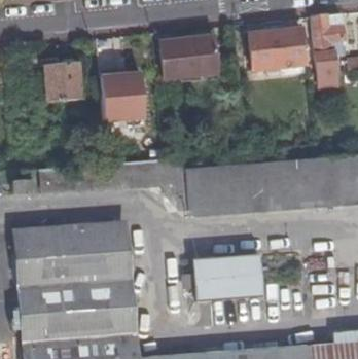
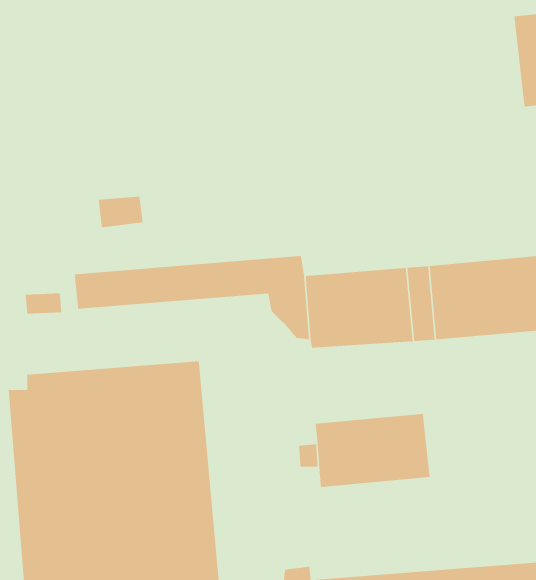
building: [250,28,308,70] -> none
building: [160,36,219,78] -> none
building: [47,55,85,100] -> none
building: [102,68,147,120] -> none

